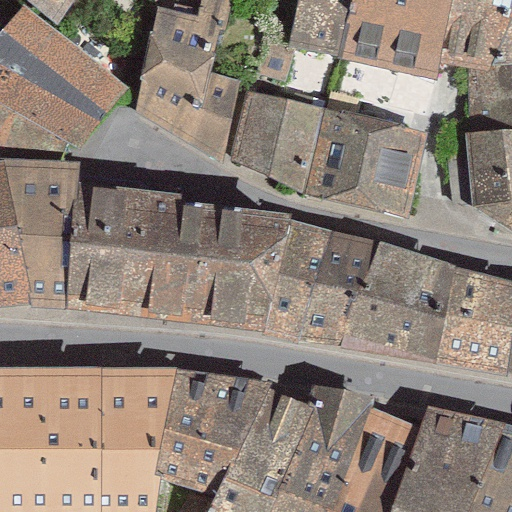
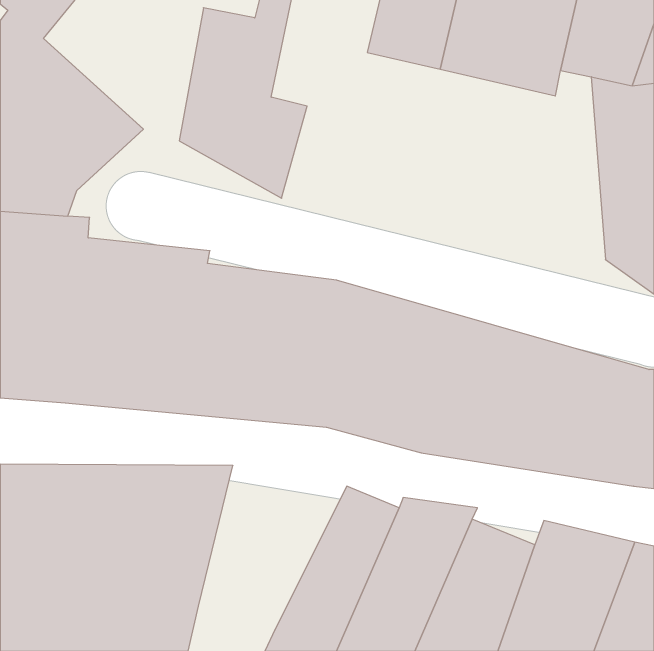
building: [234,93,422,215] -> none
building: [155,364,271,492] -> none

